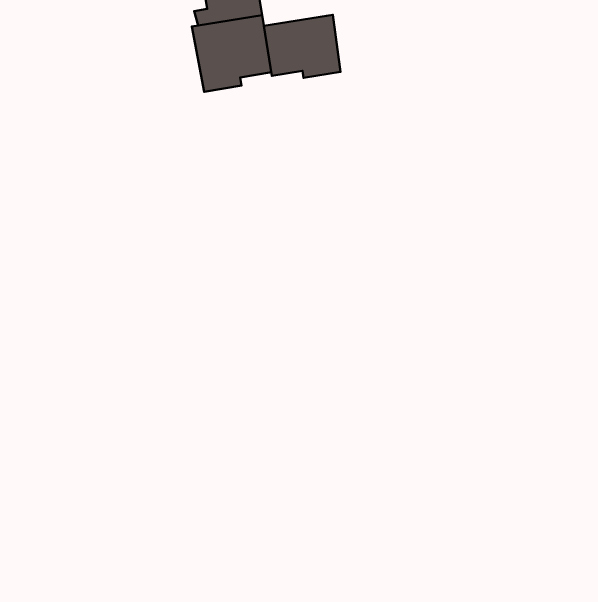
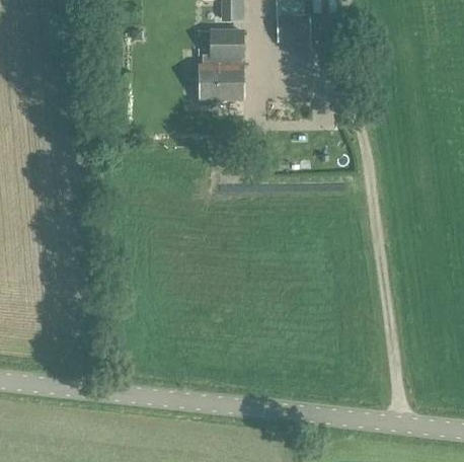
building: [264,15,341,78] -> none

